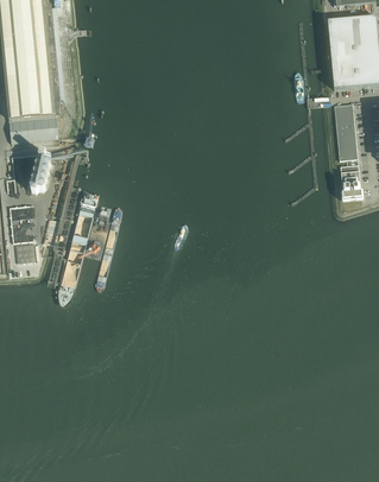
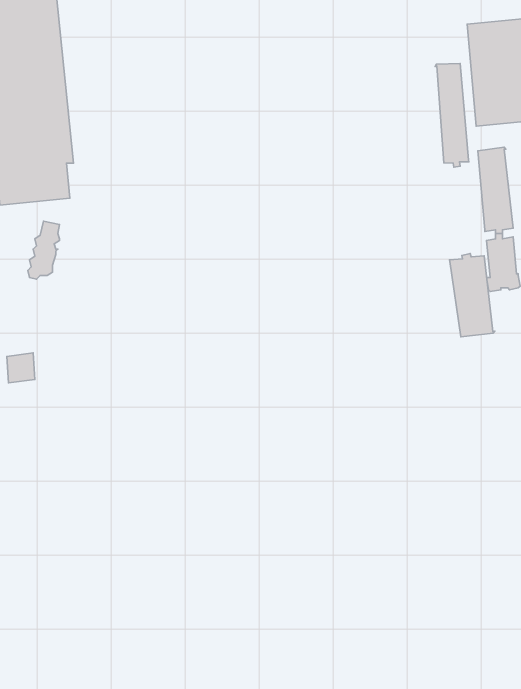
building: none -> [435,64,469,167]
building: none -> [449,254,495,337]

